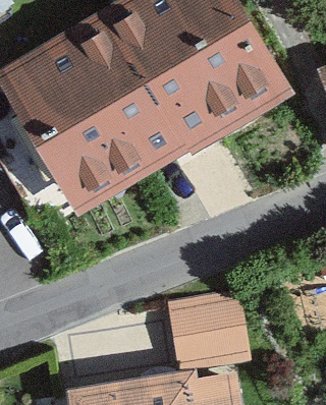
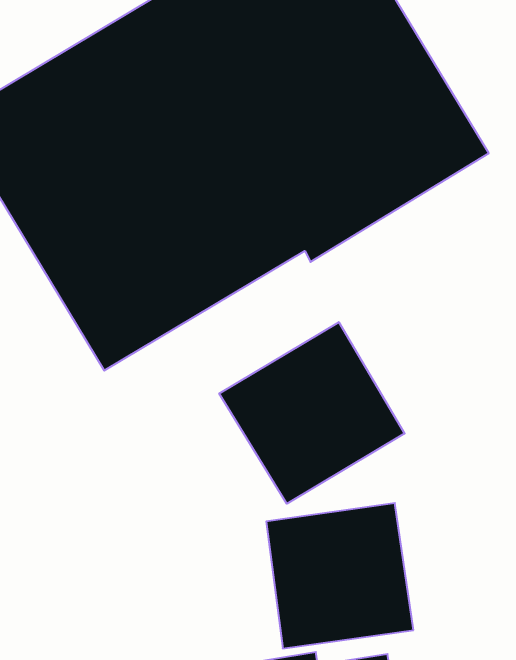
building: none -> [219,322,405,504]

